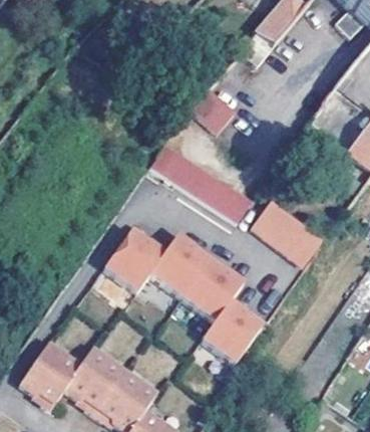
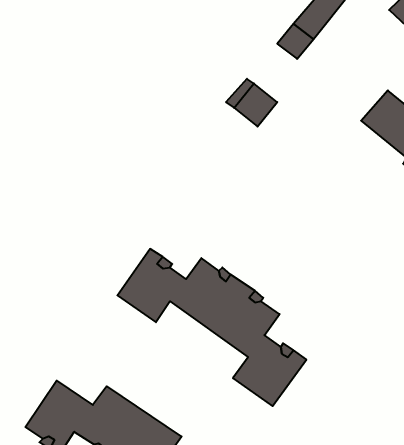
building: [146,135,252,220] -> none
building: [249,200,322,265] -> none

